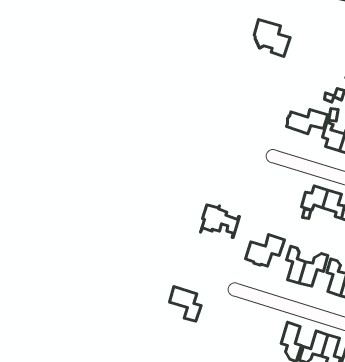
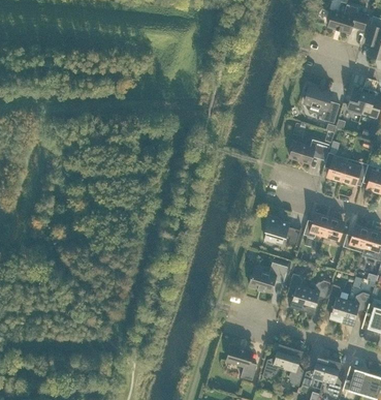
building: [254,19,290,56] -> [305,88,340,124]
building: [200,205,239,238] -> [263,217,301,249]
building: [169,286,201,321] -> [226,346,257,380]
building: none -> [262,345,290,377]

